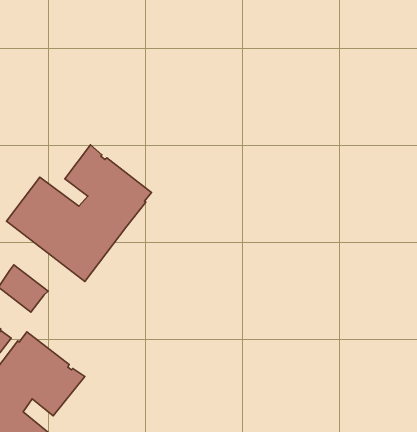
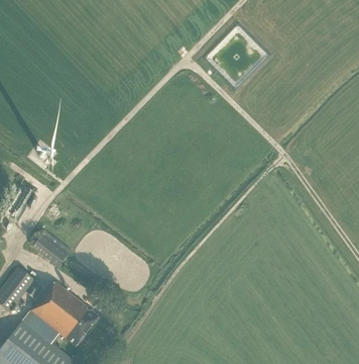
building: [6,145,151,282] -> none

